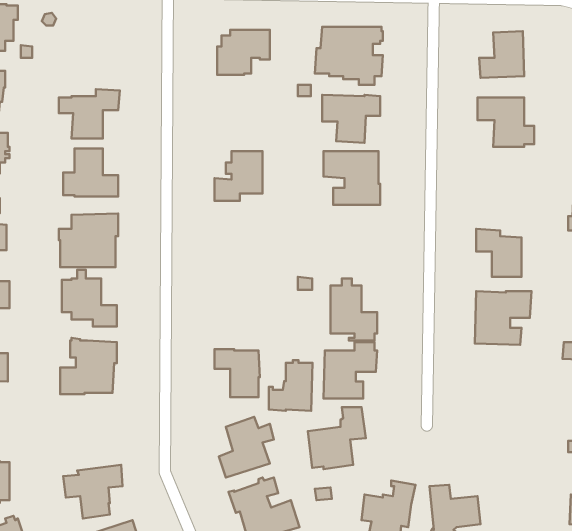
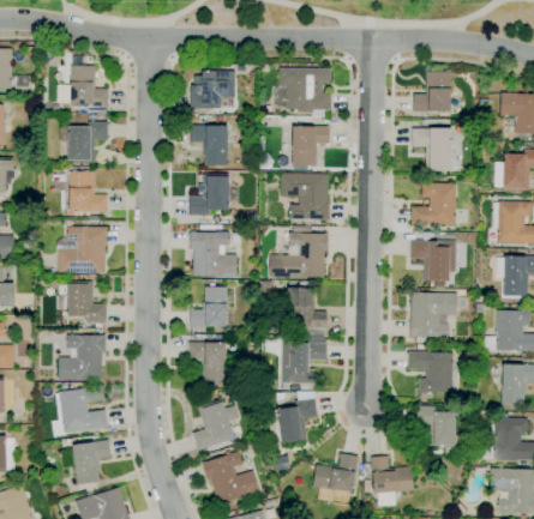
building: none -> [62,56,108,107]
building: none -> [190,121,236,164]
building: none -> [410,183,456,225]
building: none -> [269,225,328,278]
building: none -> [190,231,236,278]
building: [269,360,313,411] -> [190,284,227,327]
building: none -> [408,351,452,393]
building: none -> [52,385,108,437]
building: none -> [418,406,456,448]

